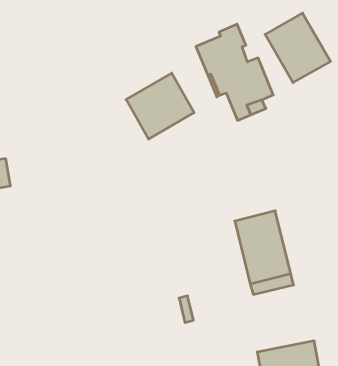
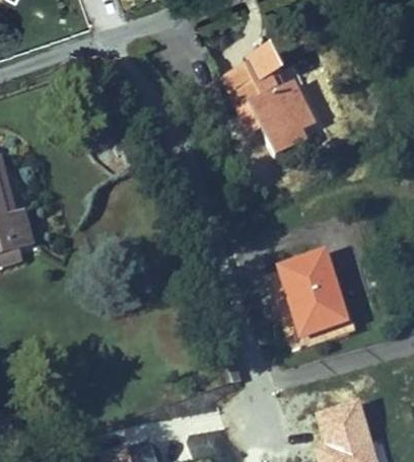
building: [265,13,331,83] -> none
building: [126,73,194,139] -> none

